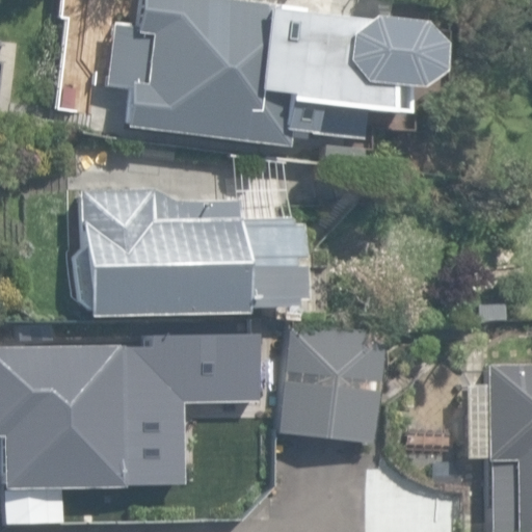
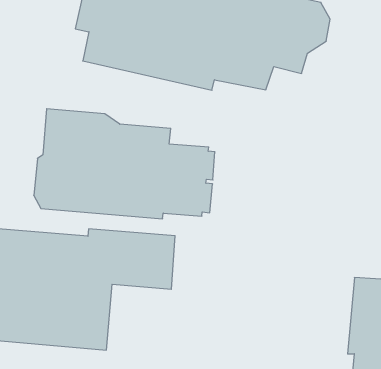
building: [280,322,380,442] -> none

